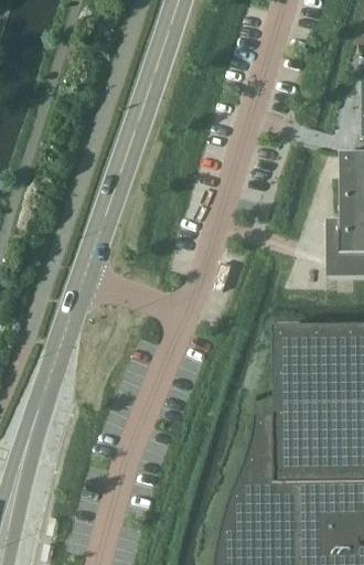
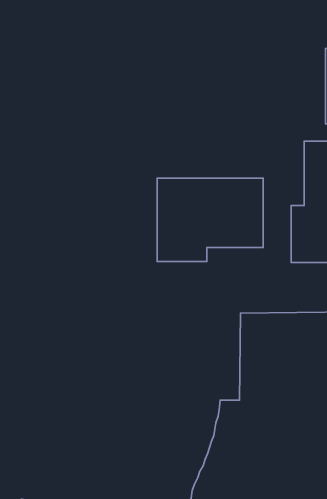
building: none -> [157,178,263,261]

